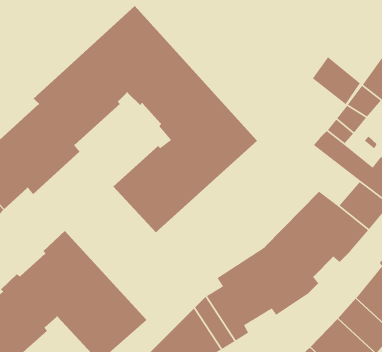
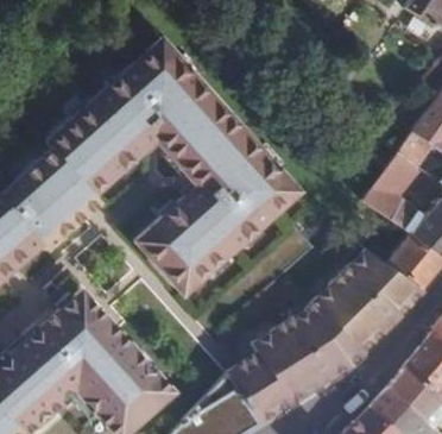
building: [312,56,361,105] -> none

